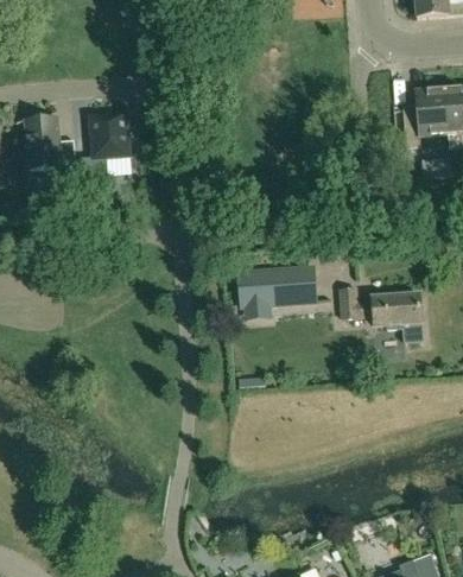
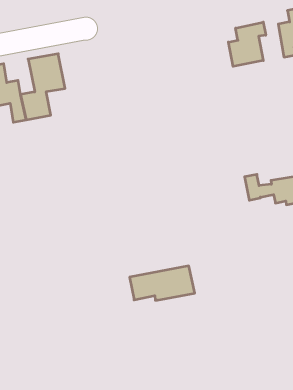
building: none -> [228,22,266,66]
building: [239,267,317,305] -> [130,266,195,300]

